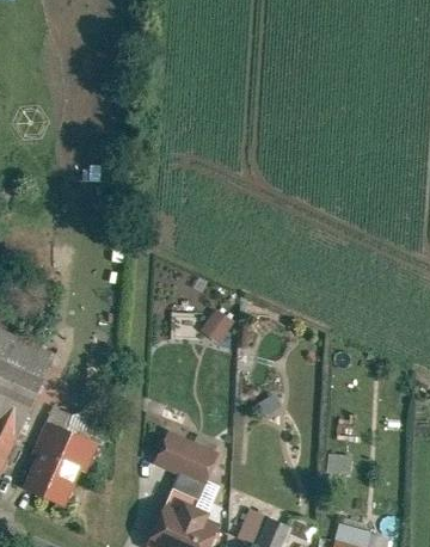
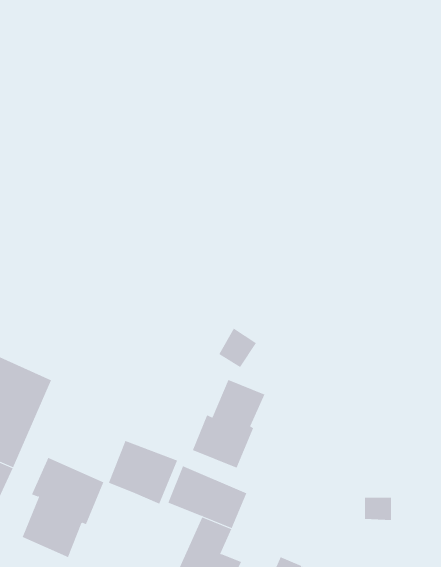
building: none -> [192,379,265,469]
building: none -> [108,440,178,504]

